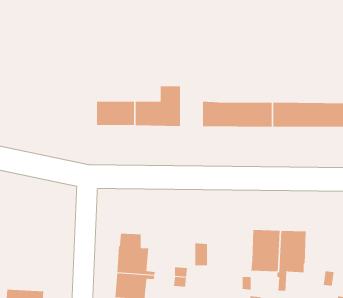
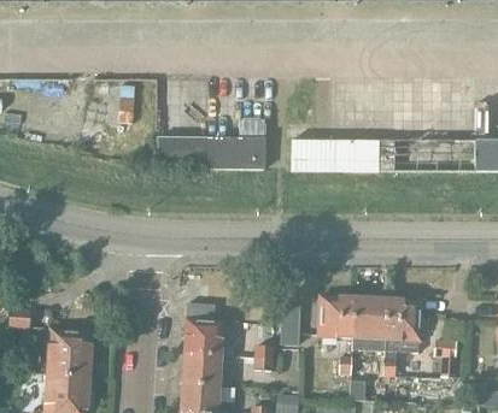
building: none -> [318,296,353,337]
building: none -> [46,328,94,374]

